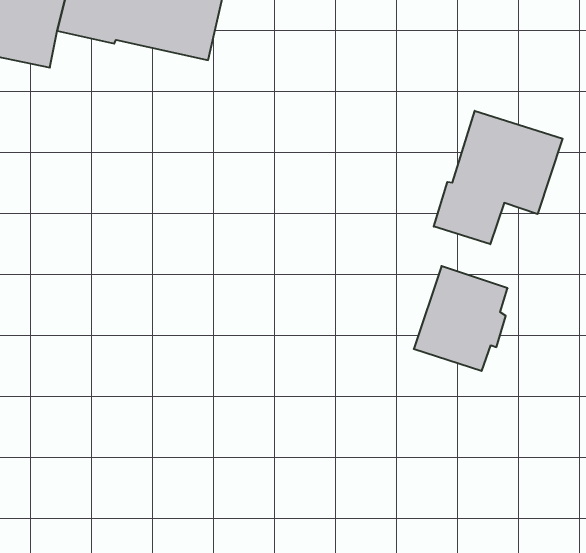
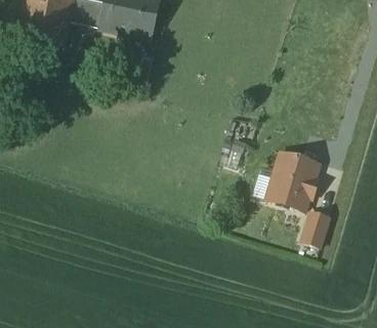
building: [434,111,563,244] -> none
building: none -> [302,210,329,245]

